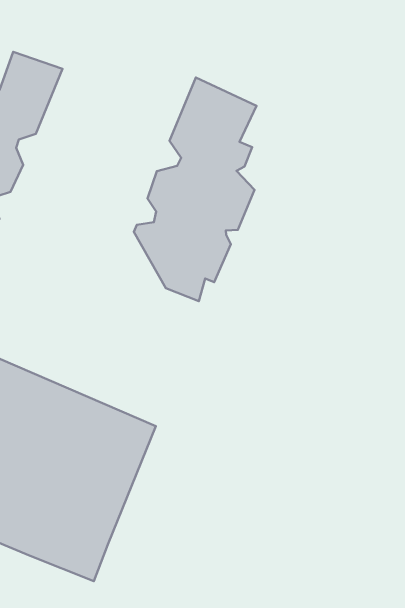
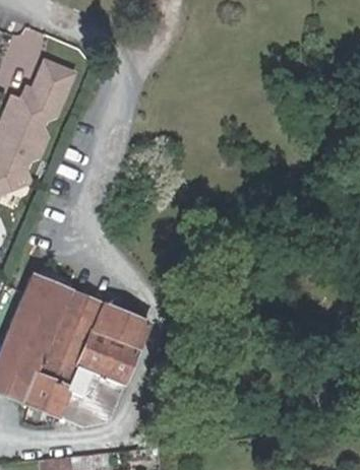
building: [134,77,256,301] -> none

